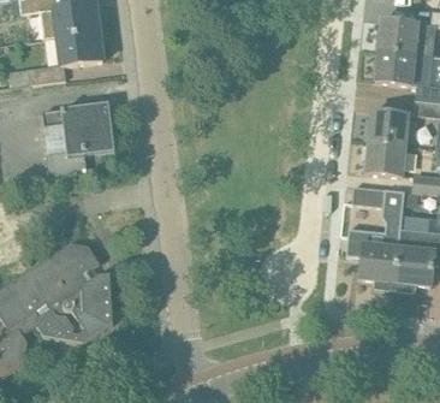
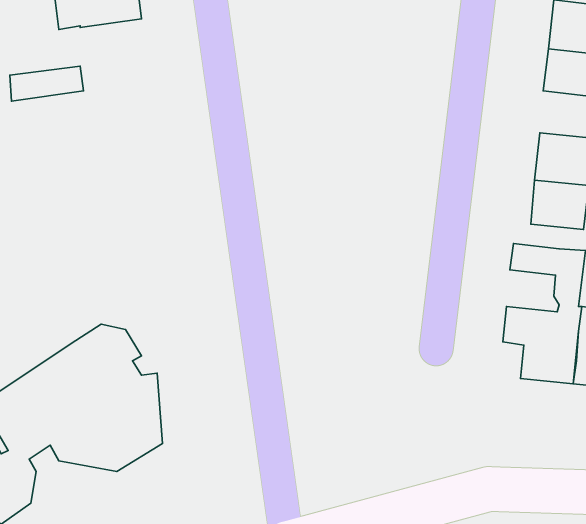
building: [57,31,102,65] -> none
building: [42,102,114,177] -> none

